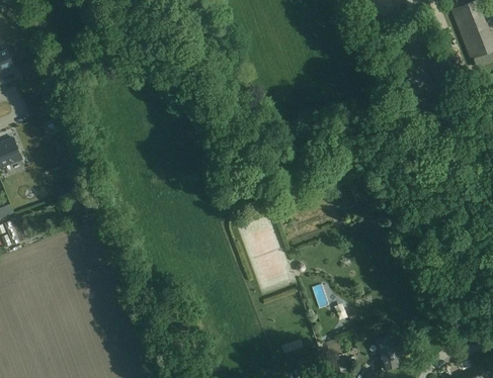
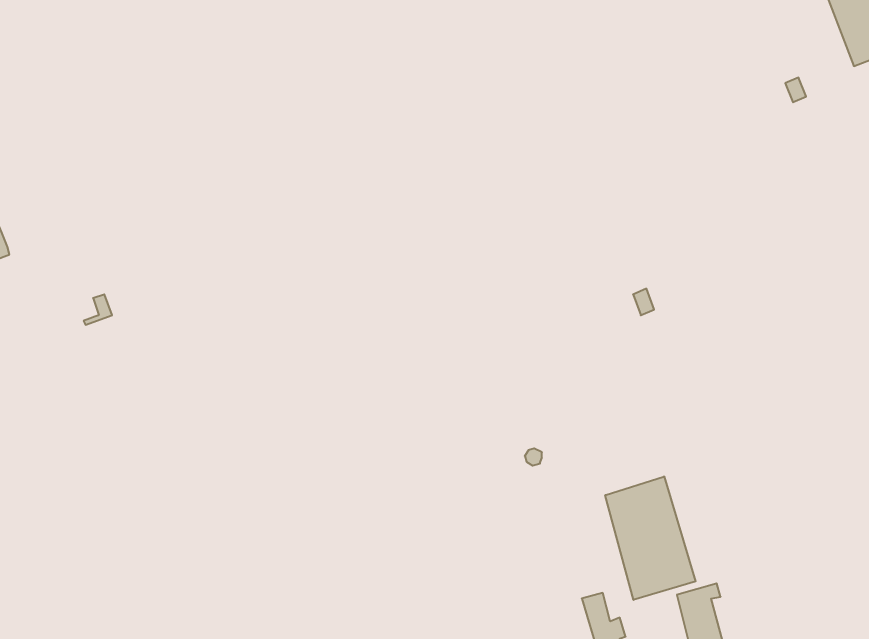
building: none -> [605,476,696,600]

